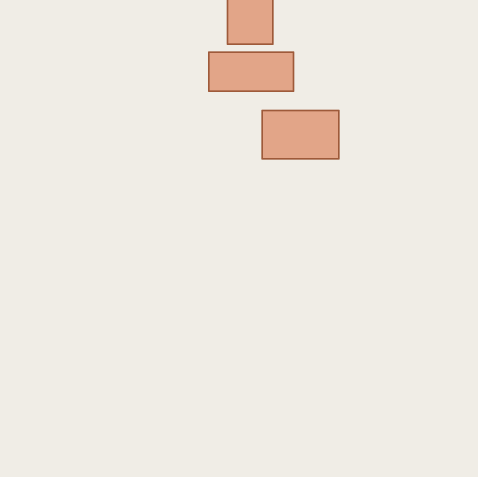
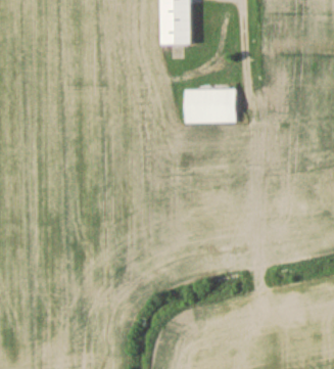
building: [209,52,293,91] -> none

